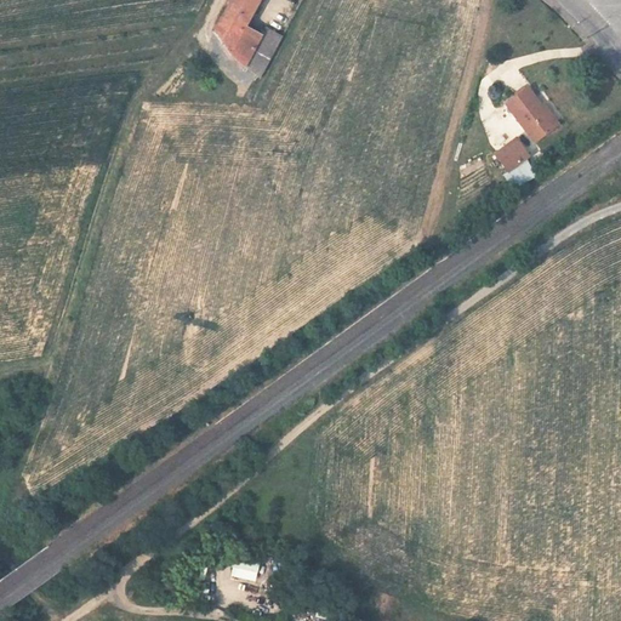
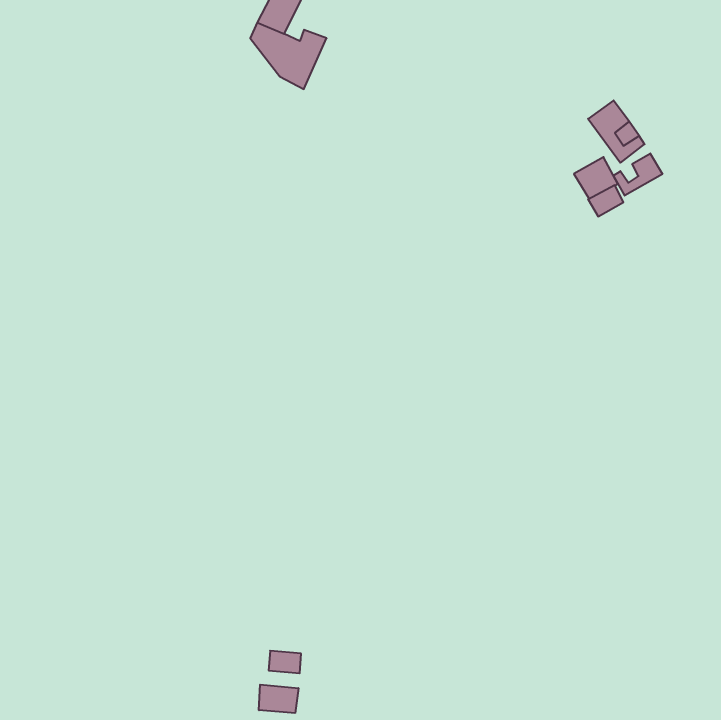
building: none -> [614,153,662,196]
building: none -> [259,685,298,713]

